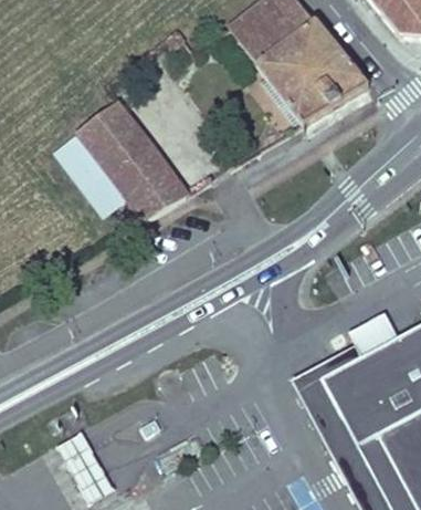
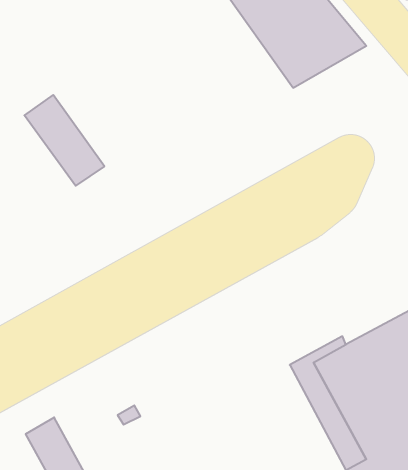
building: [80,100,189,220] -> none

